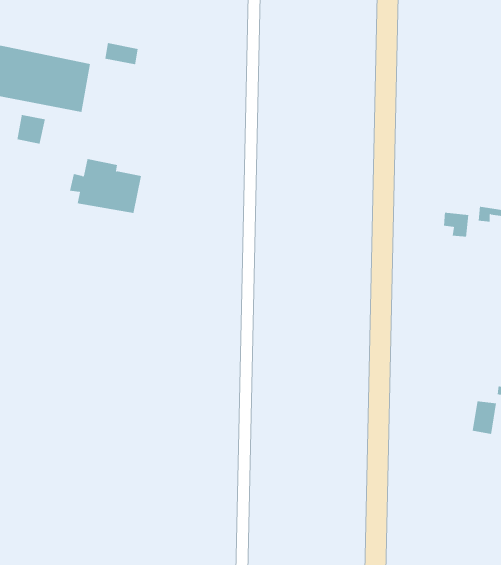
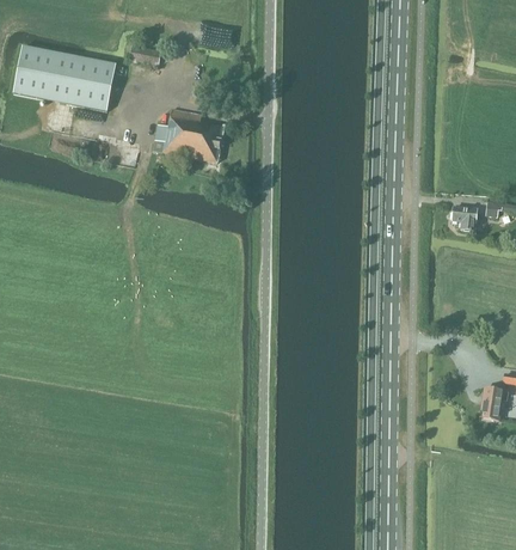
building: [17,114,46,144] -> none
building: [69,158,142,213] -> [155,109,225,161]

